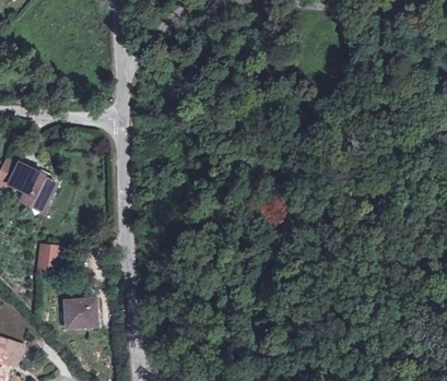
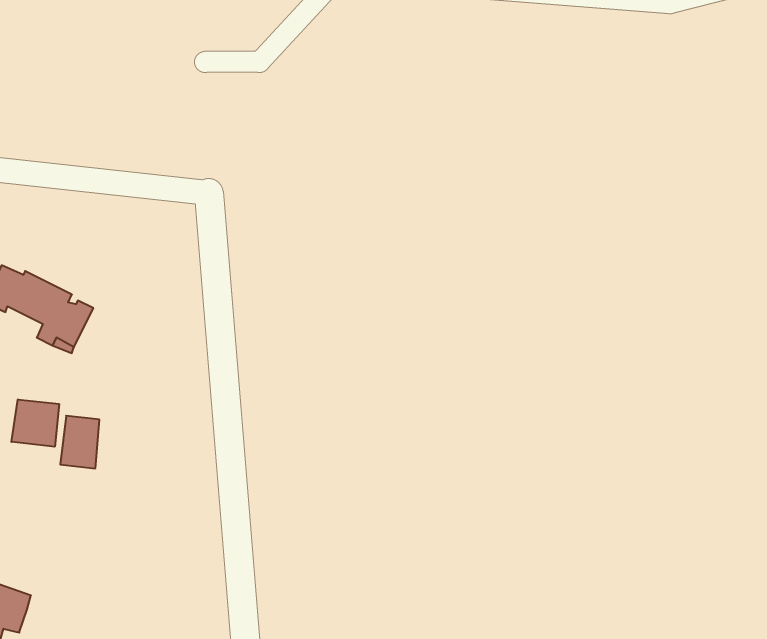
building: none -> [11,399,59,447]
building: [64,298,96,326] -> none

